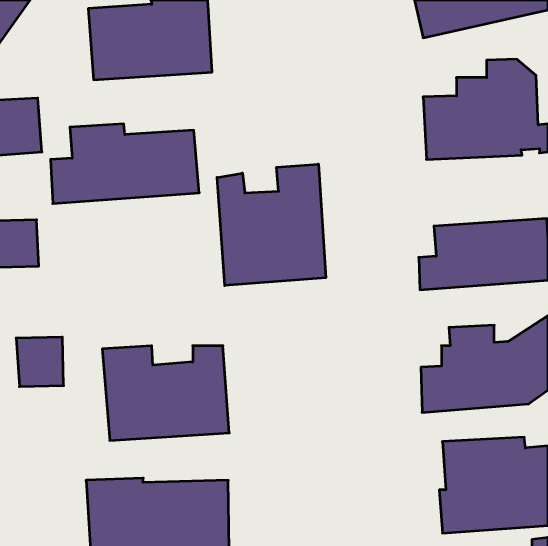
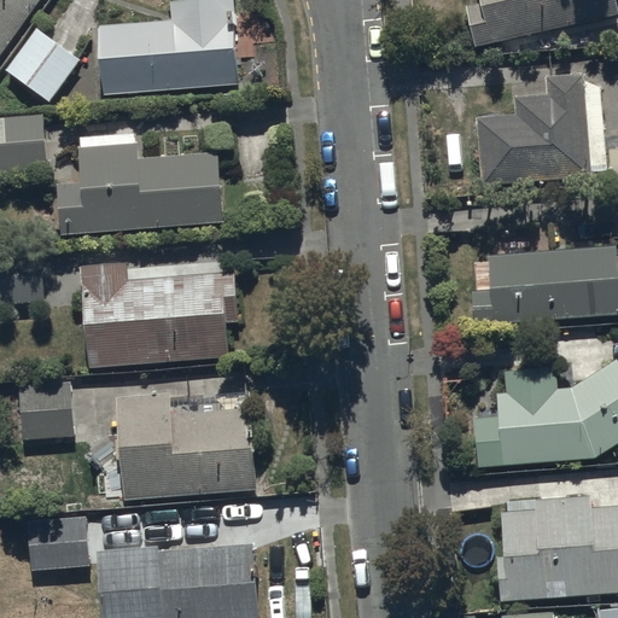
building: none -> [5,29,80,103]
building: [217,164,326,286] -> none
building: none -> [81,264,238,371]
building: none -> [28,514,88,587]

